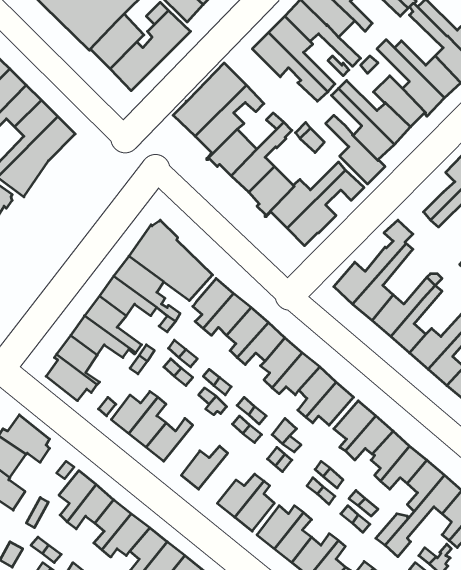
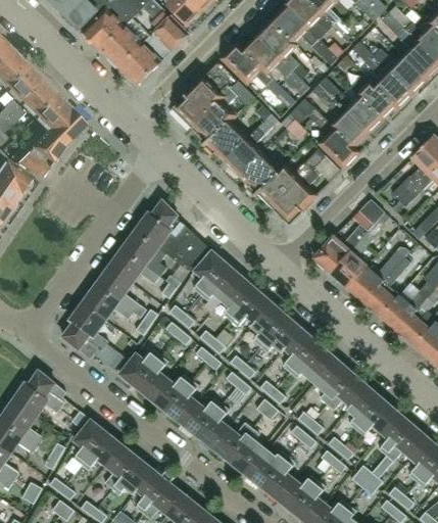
building: none -> [223,44,295,109]
building: none -> [165,380,198,424]
building: none -> [196,405,229,448]

